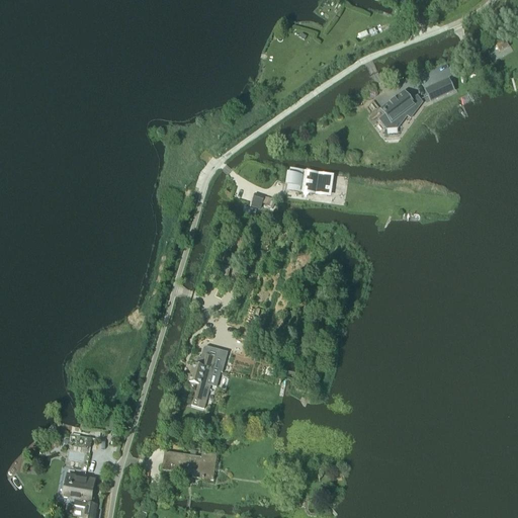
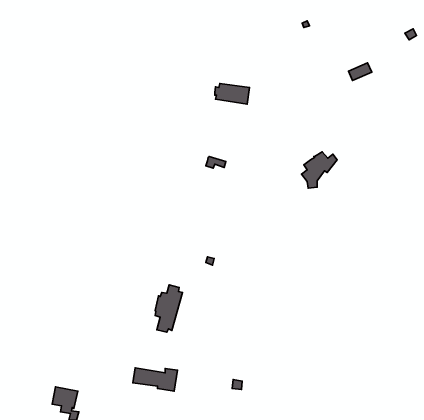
building: [378,90,422,135] -> [301,152,337,188]
building: [287,168,330,193] -> [215,84,250,104]

